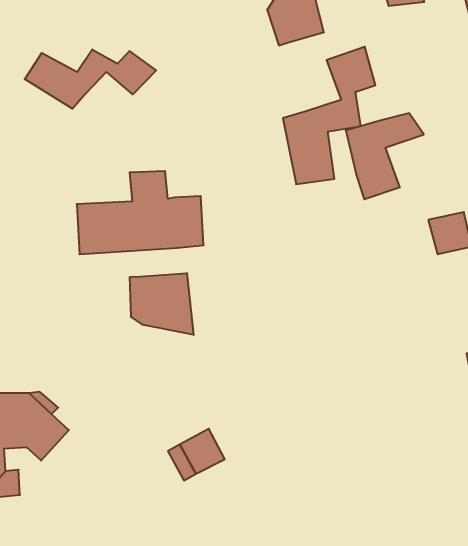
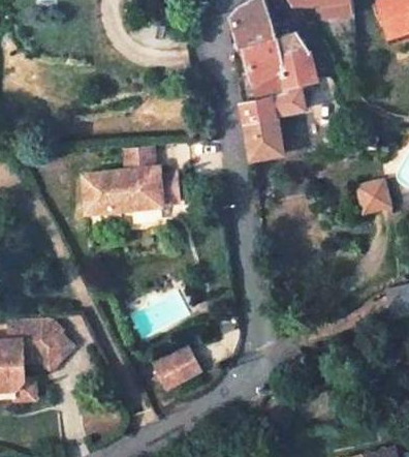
building: [25,49,156,109] -> none
building: [346,113,424,199] -> [245,33,306,100]
building: [130,273,194,335] -> none

